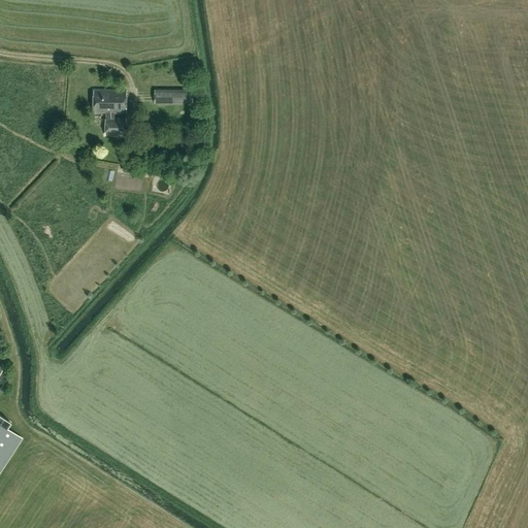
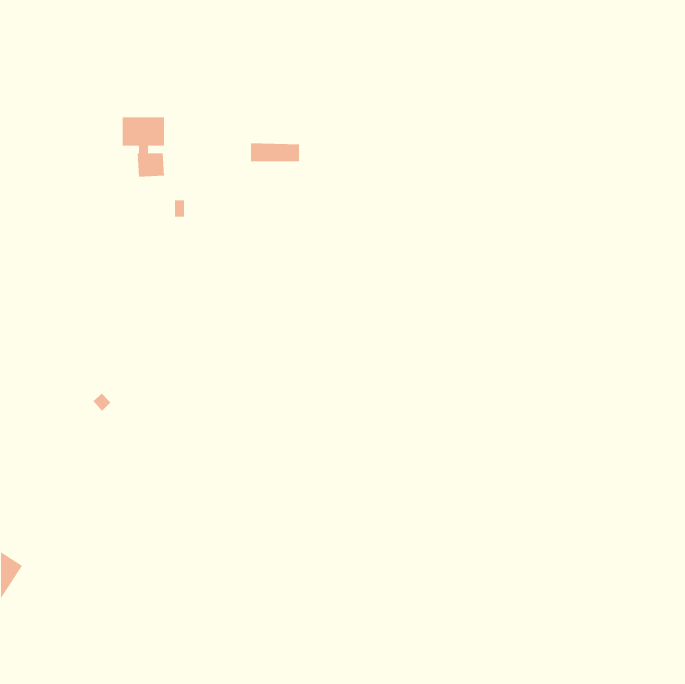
building: [155,90,193,104] -> [250,143,300,162]

